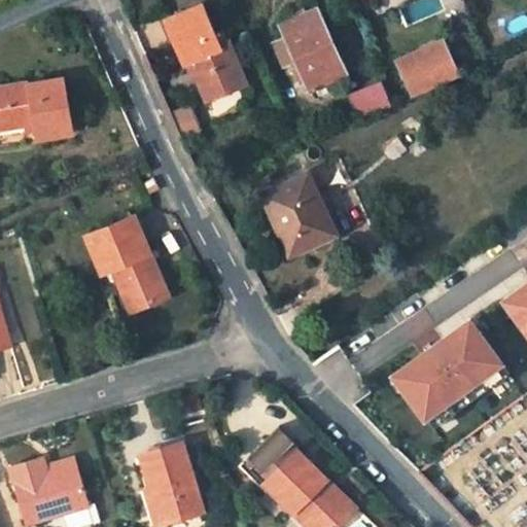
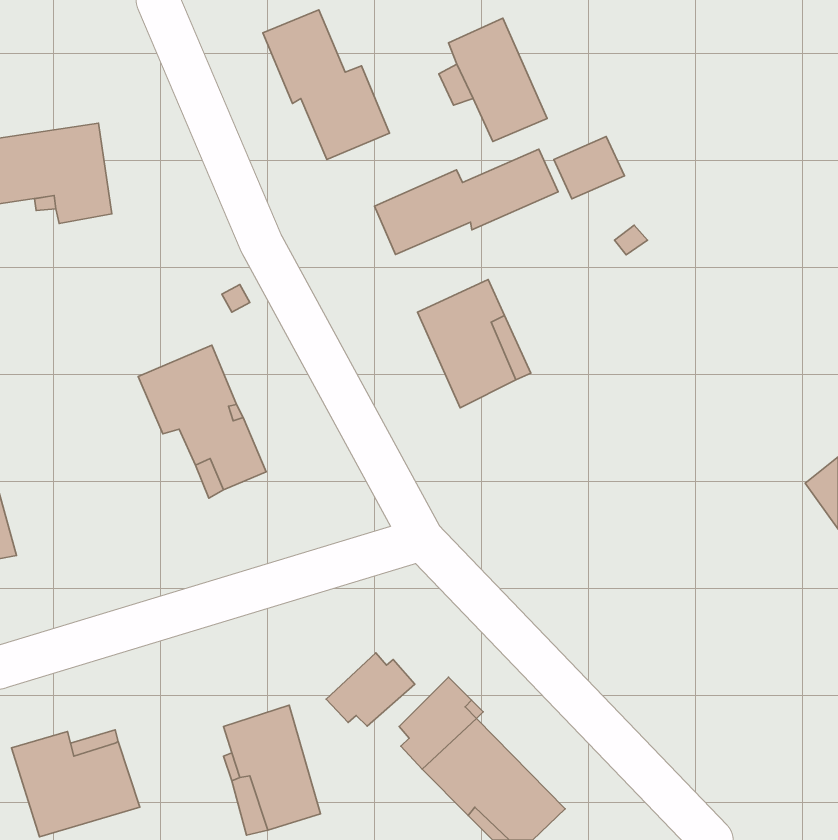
building: [395,40,456,97] -> none
building: none -> [375,149,558,254]
building: [393,323,507,431] -> none
building: none -> [326,653,415,726]

